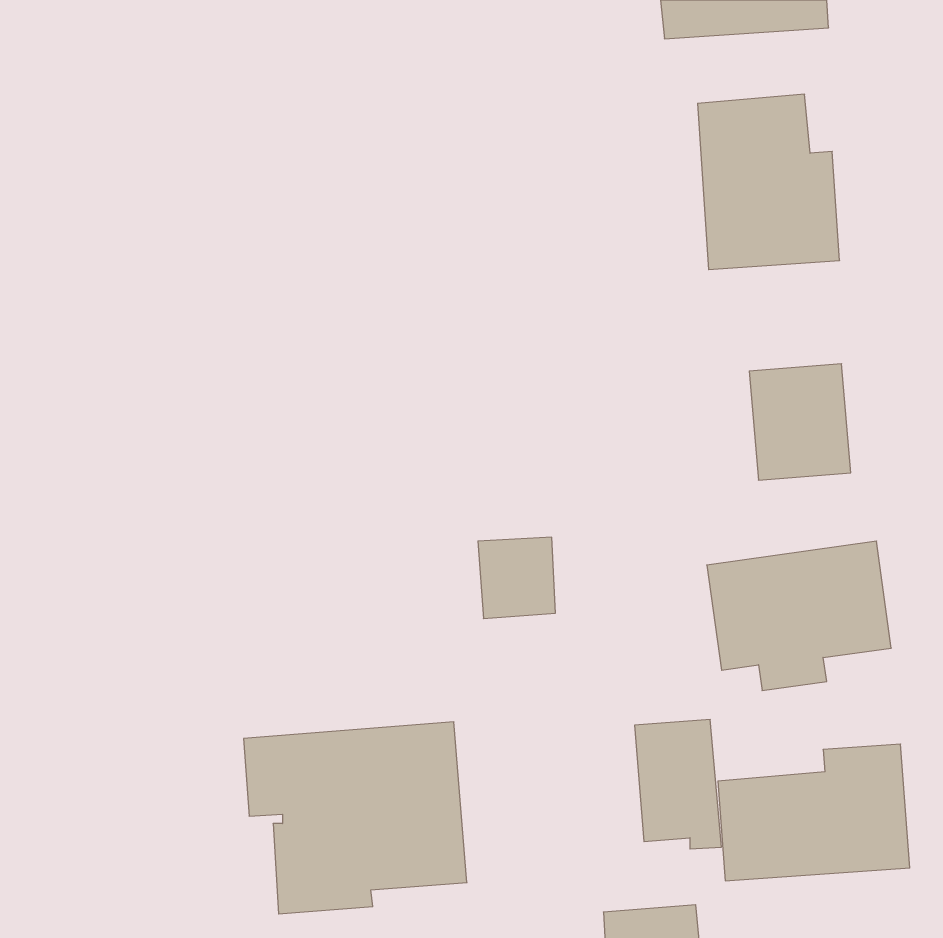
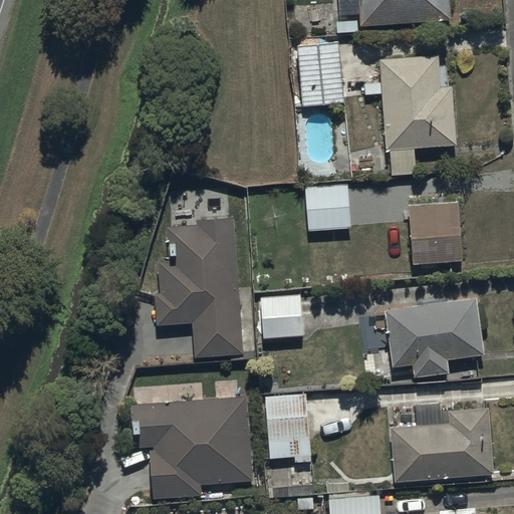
building: none -> [296,41,344,105]
building: none -> [305,183,351,232]
building: none -> [155,218,242,357]
building: [635,720,721,849] -> [264,394,311,464]

